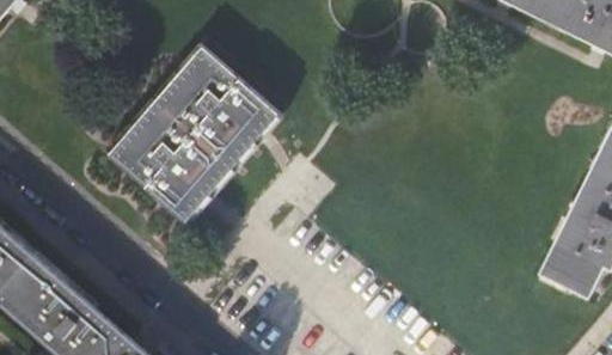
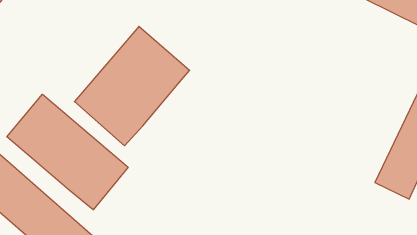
building: none -> [7,94,128,210]

